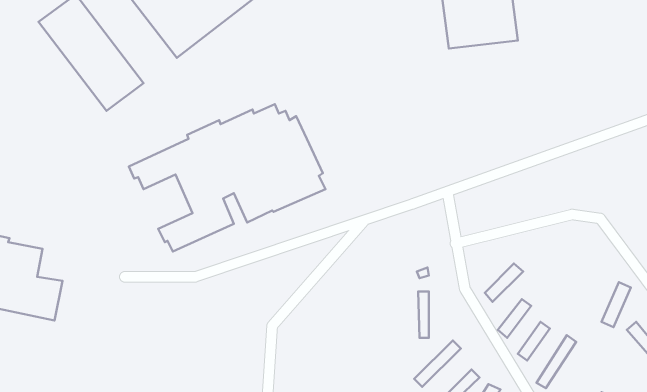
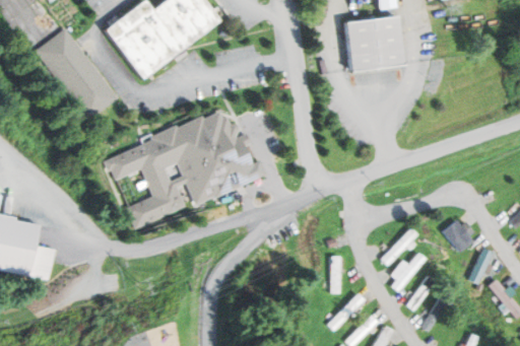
building: none -> [442,220,471,251]

